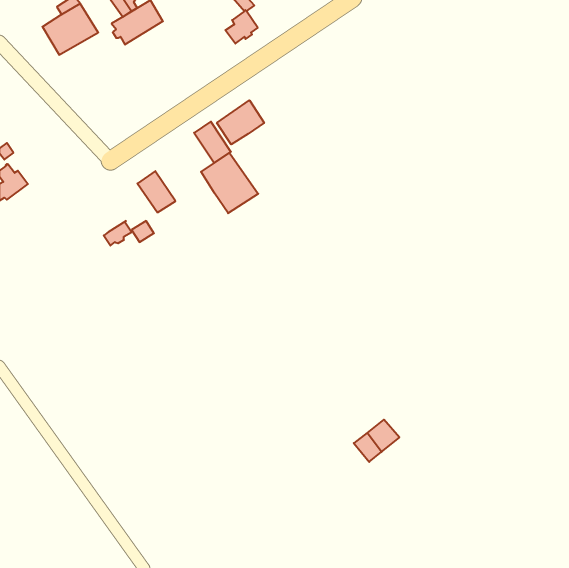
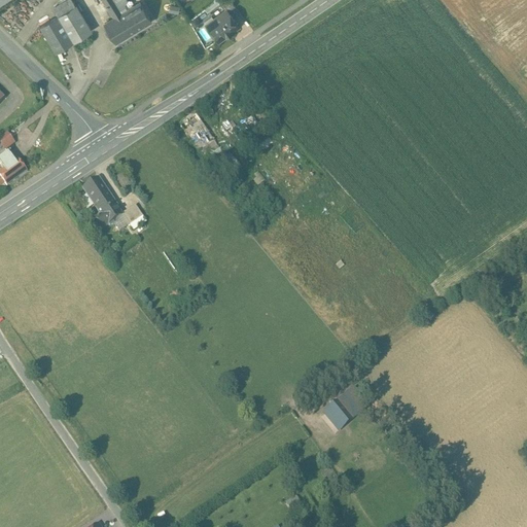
building: [217,100,264,144] -> none
building: [201,153,258,213] -> none
building: [137,171,175,212] -> [81,176,116,214]

